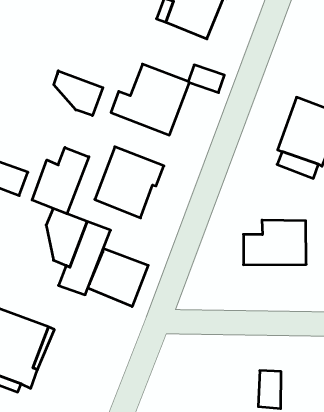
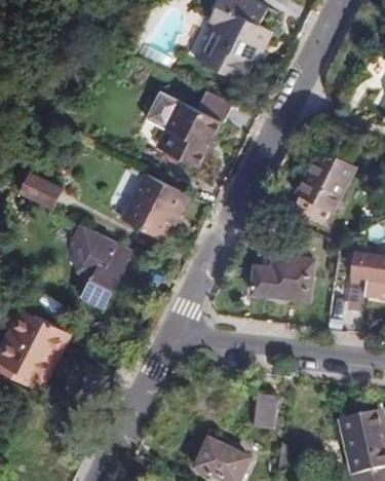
building: [54,71,103,116] -> none
building: [32,147,89,214] -> none
building: [88,248,148,307] -> none

